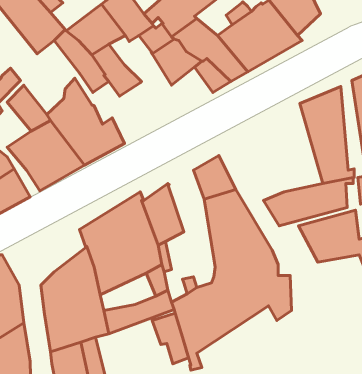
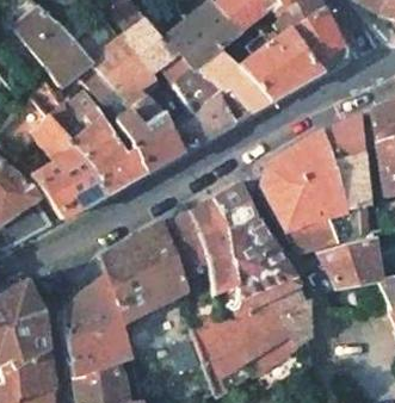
building: none -> [51,91,98,143]
building: none -> [180,97,234,147]
building: none -> [117,111,183,172]
building: none -> [261,132,342,228]
building: none -> [190,198,235,294]

